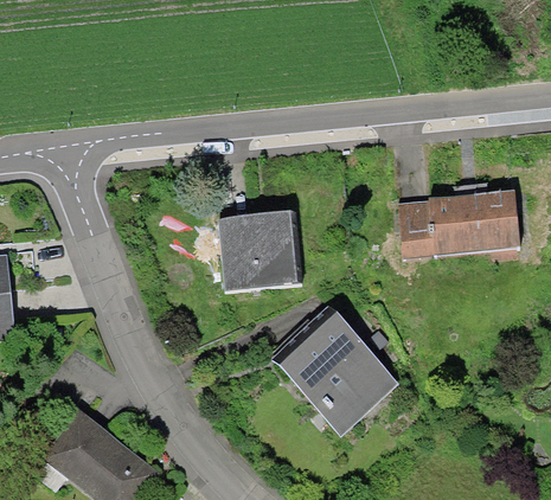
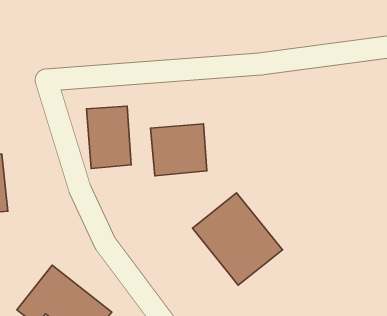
building: none -> [86,106,131,168]
building: [397,188,519,258] -> none

